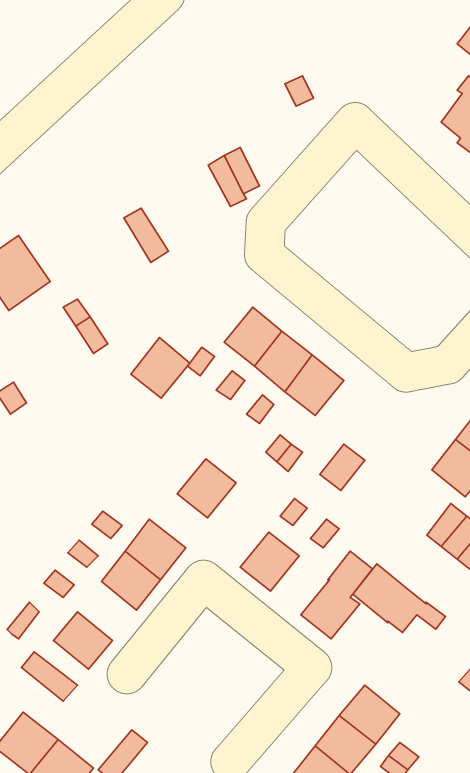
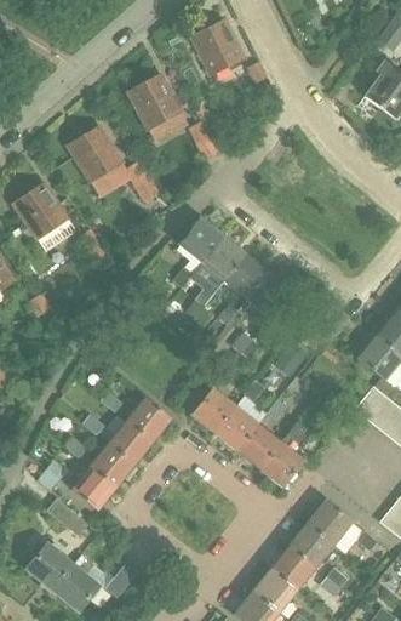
building: none -> [190,19,244,74]
building: none -> [127,72,188,142]
building: none -> [67,124,121,181]
building: [131,338,190,398] -> [177,216,222,262]
building: [177,459,236,518] -> [189,388,234,433]
building: none -> [235,425,280,469]
building: [353,564,445,632] -> [307,500,377,552]
building: none -> [88,444,133,489]

